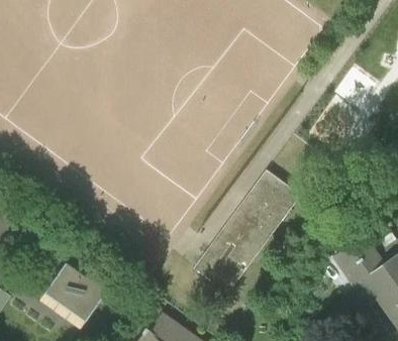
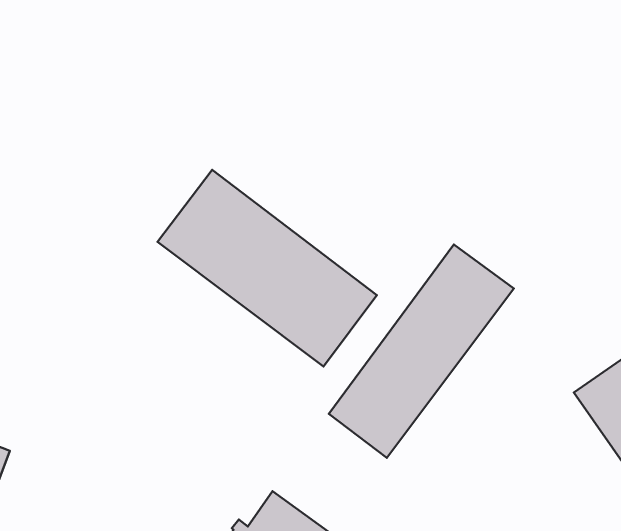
building: none -> [157,170,377,367]
building: [41,262,104,322] -> none

